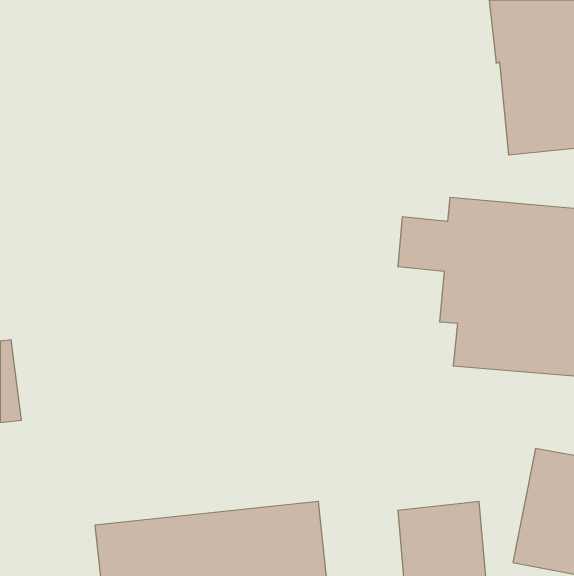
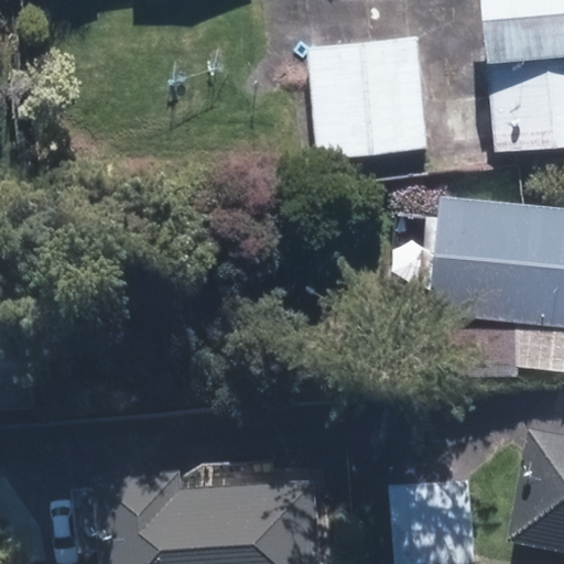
building: none -> [307,37,429,160]

